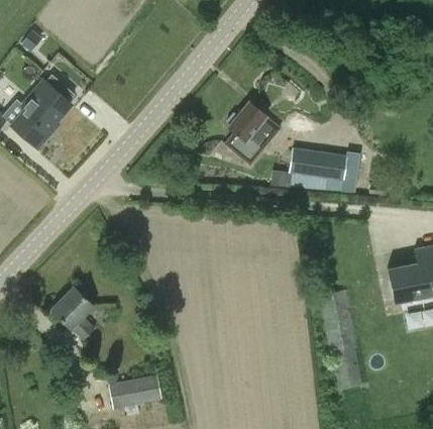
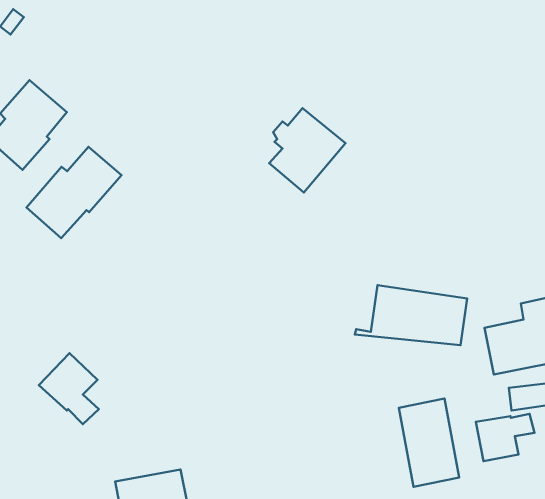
building: none -> [26,147,122,238]
building: [276,147,360,193] -> [355,285,467,345]
building: none -> [476,414,535,461]

